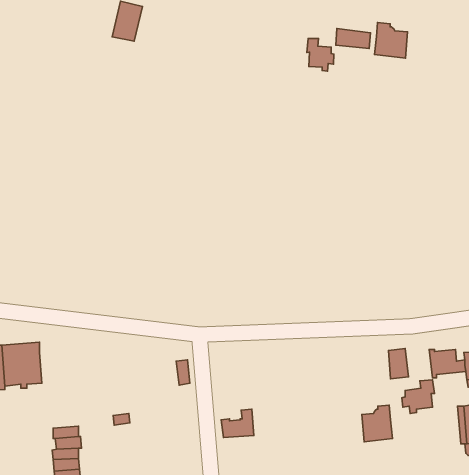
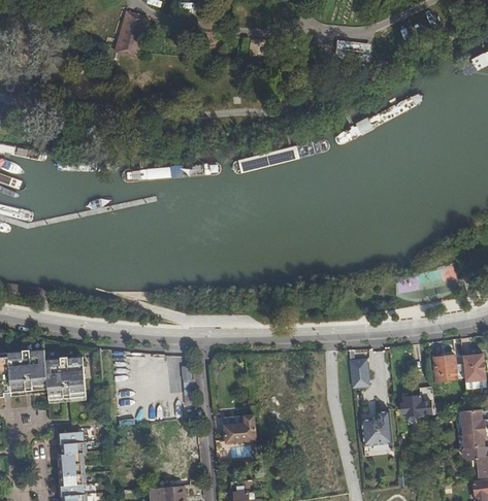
building: [375,23,408,58] -> none
building: [307,38,334,71] -> none
building: [388,348,408,379] -> [351,359,370,389]
building: none -> [45,356,87,401]

